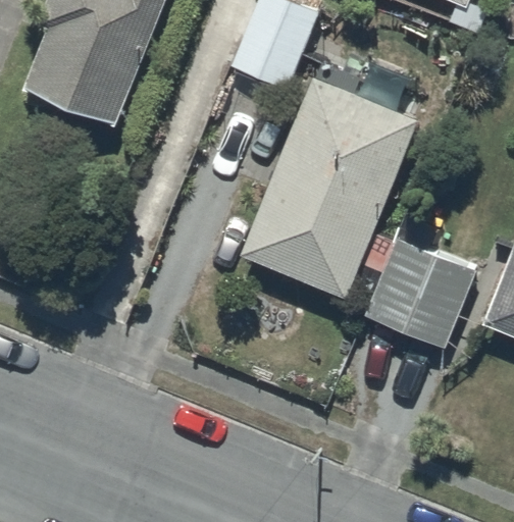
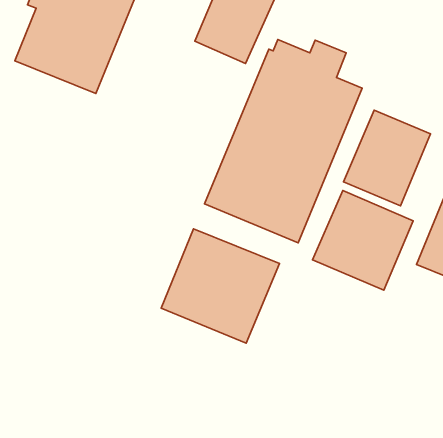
building: none -> [344,110,431,206]
building: none -> [161,229,279,343]

